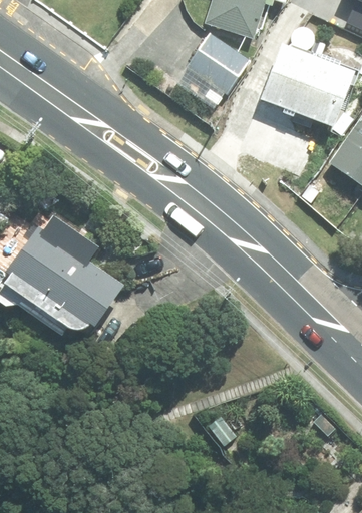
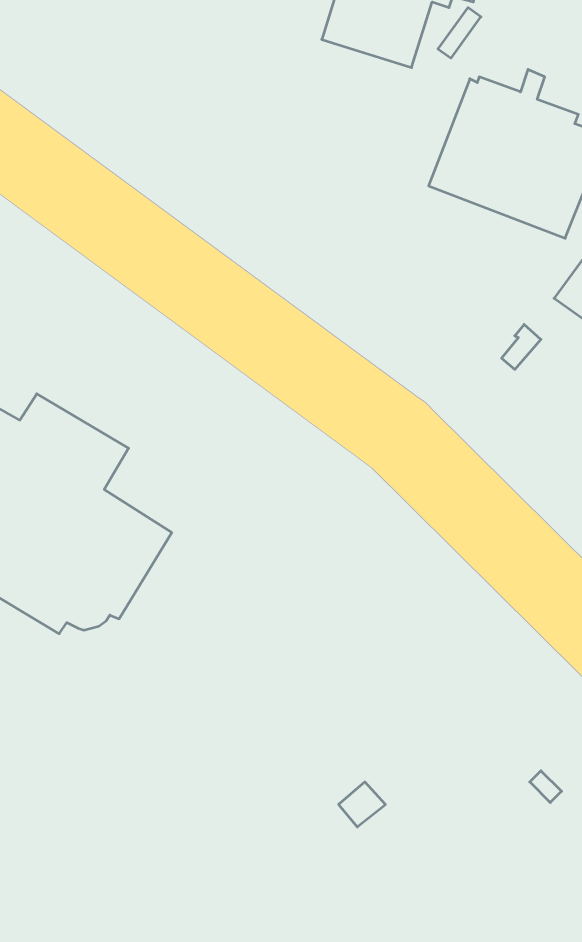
building: [185,30,249,92] -> none

